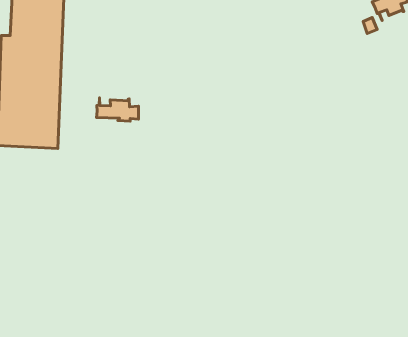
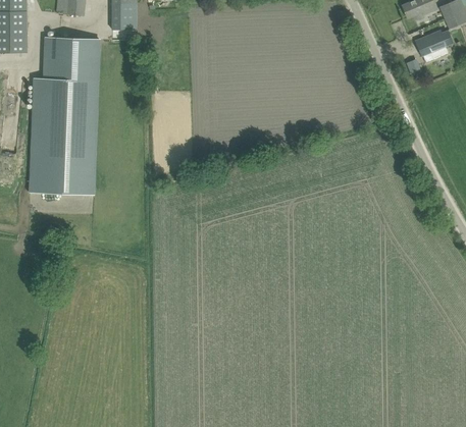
building: [96,98,138,121] -> none

